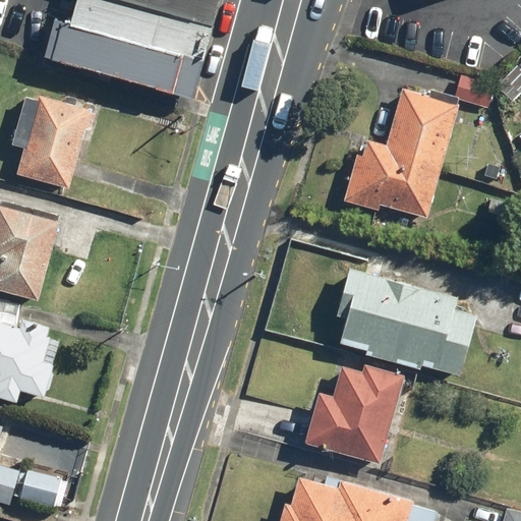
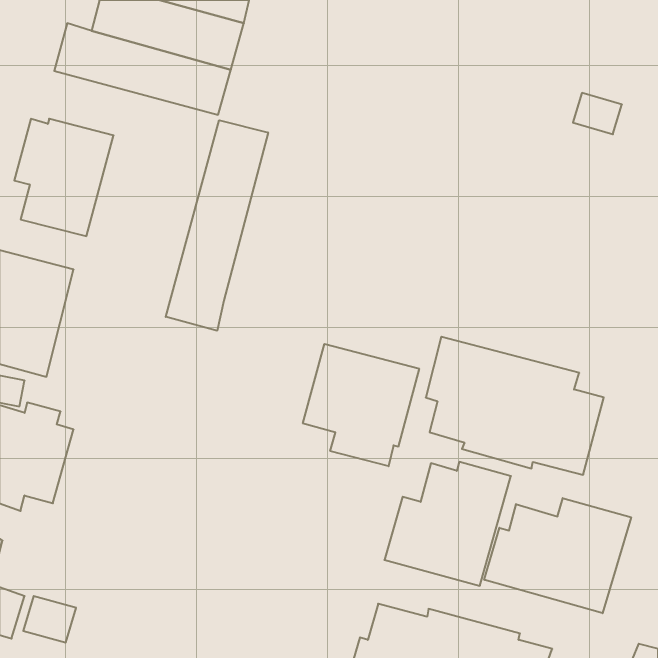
building: [342,86,459,218] -> none
building: none -> [166,120,268,331]
building: none -> [303,344,419,466]
building: none -> [484,498,631,613]

